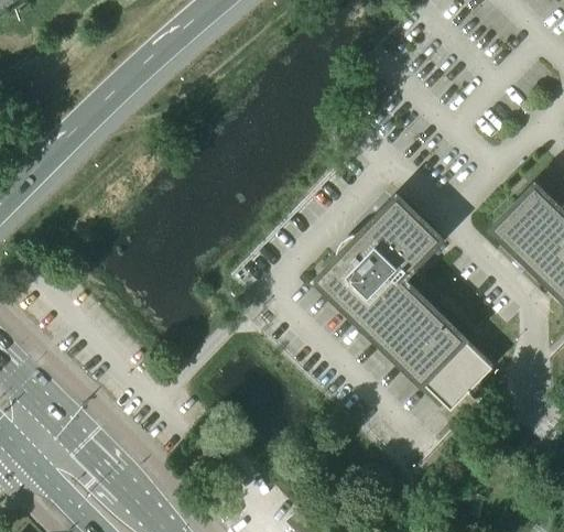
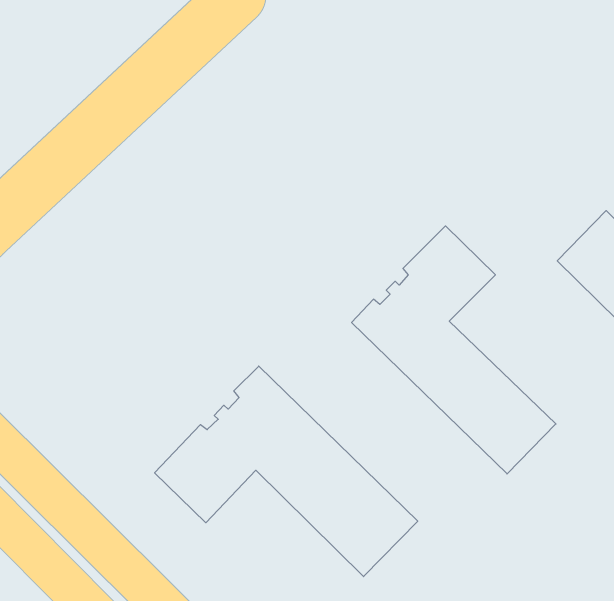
building: none -> [155,366,418,577]

